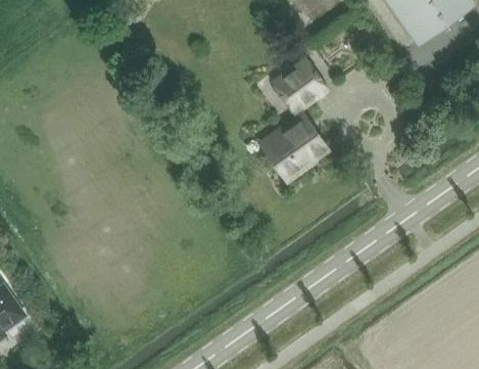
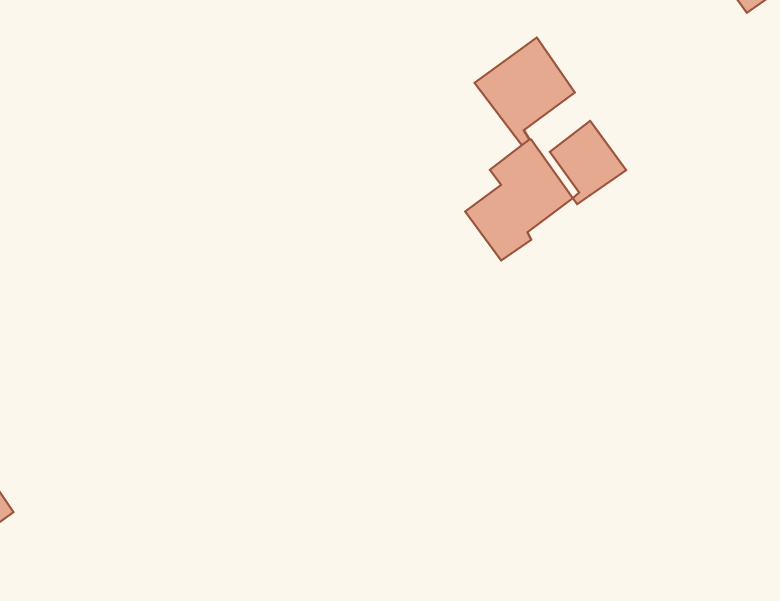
building: none -> [550,121,626,204]

